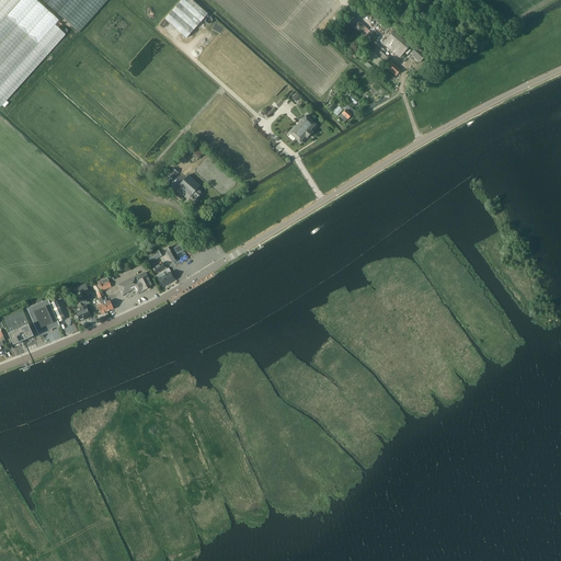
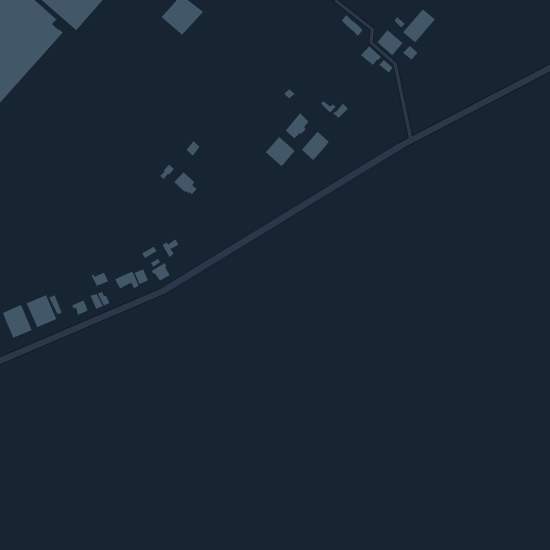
building: none -> [402,8,436,43]
building: none -> [301,131,330,161]
building: none -> [265,136,296,167]

